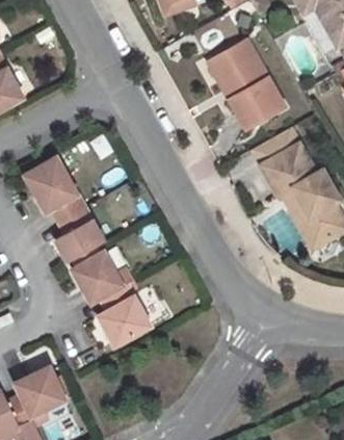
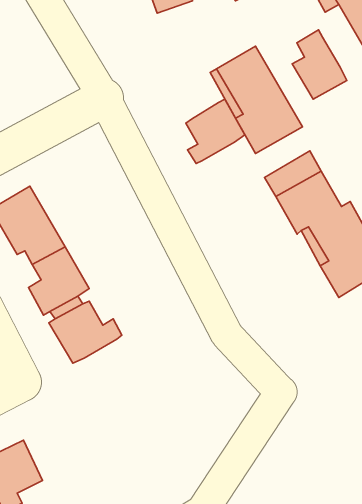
building: none -> [292,30,347,99]
building: none -> [186,99,245,164]
building: [99,281,152,344] -> none

